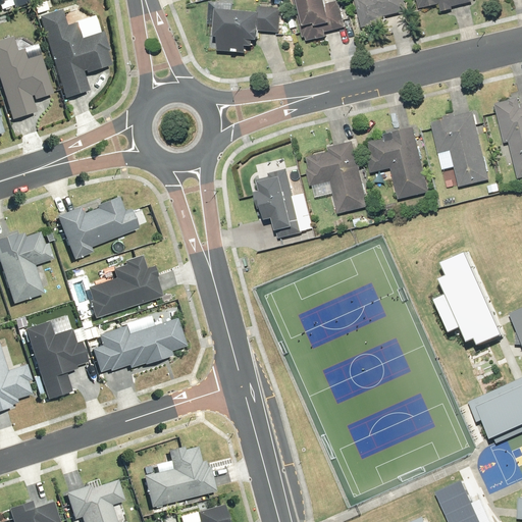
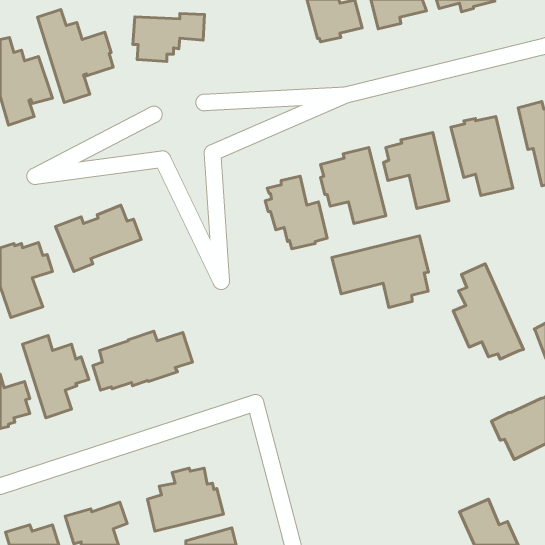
building: [213,6,281,52] -> [133,14,204,62]
building: none -> [332,236,429,307]
building: [91,254,166,318] -> none

